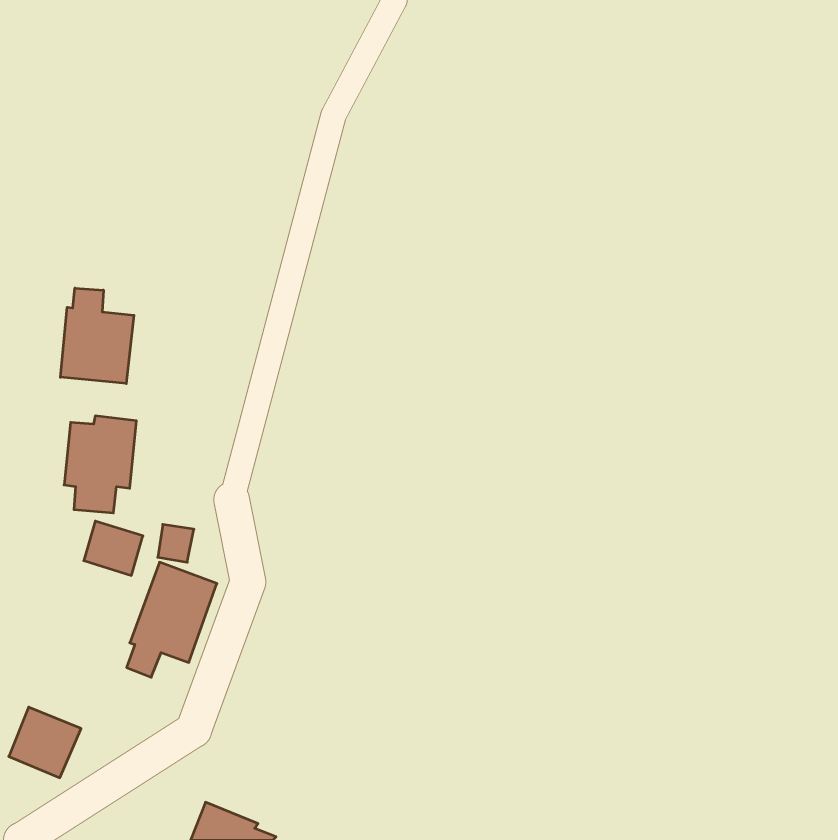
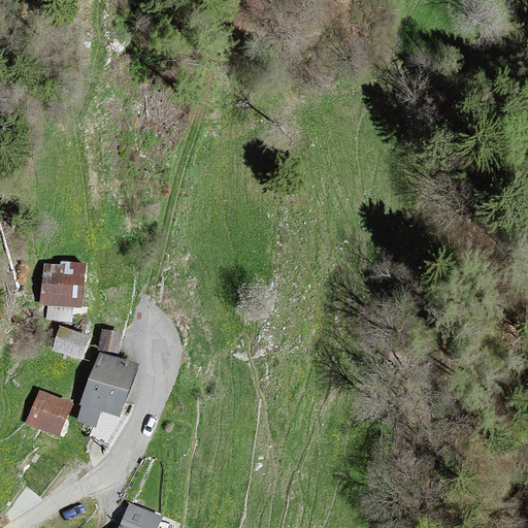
building: [60,288,134,384] -> none
building: [9,707,81,778] -> [26,391,71,435]

